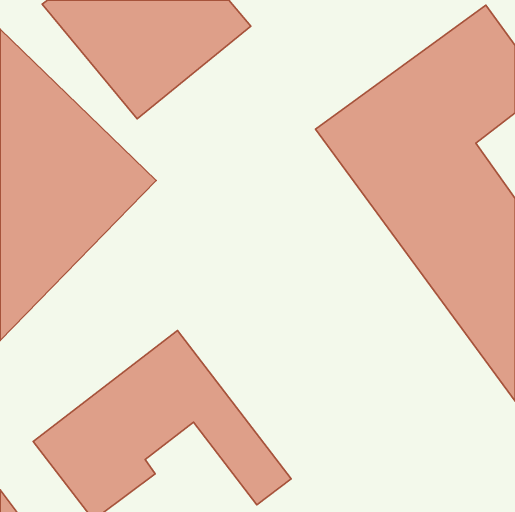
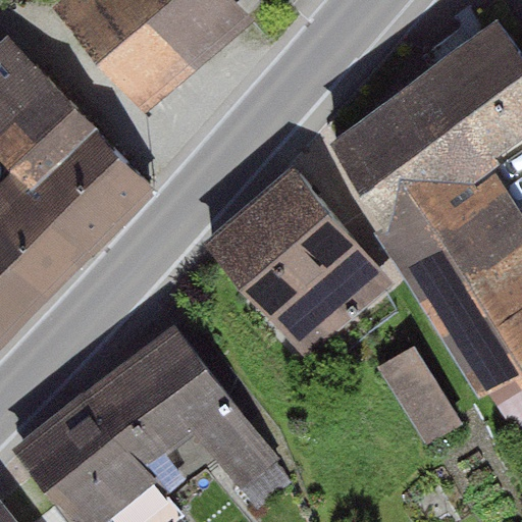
building: none -> [200,165,394,364]
building: none -> [385,337,469,437]

